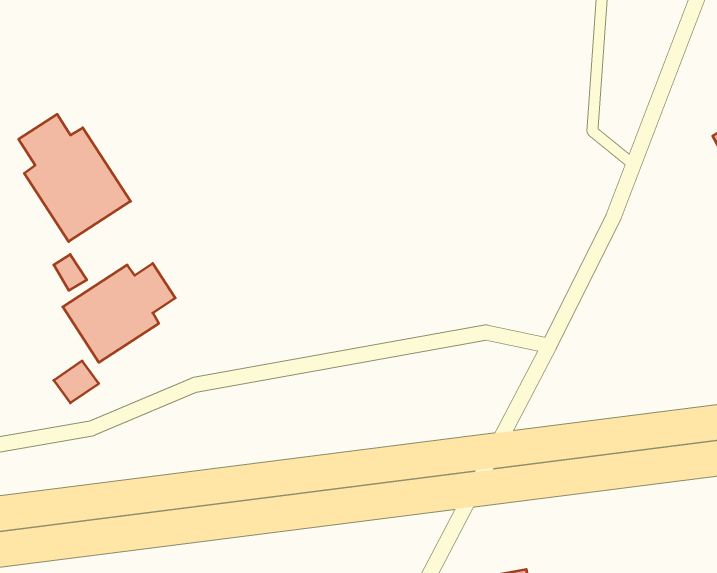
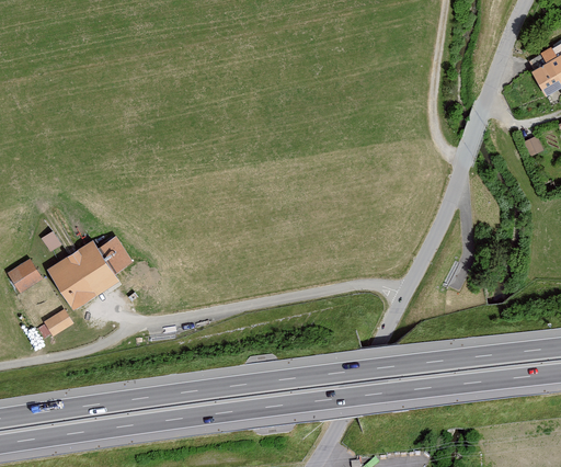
building: [19,114,131,242] -> none
building: none -> [9,259,44,293]

